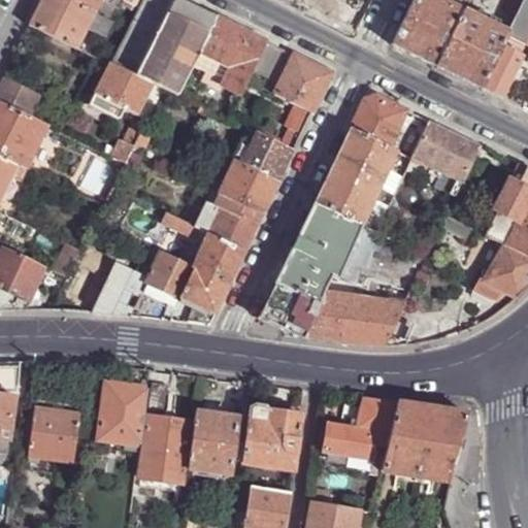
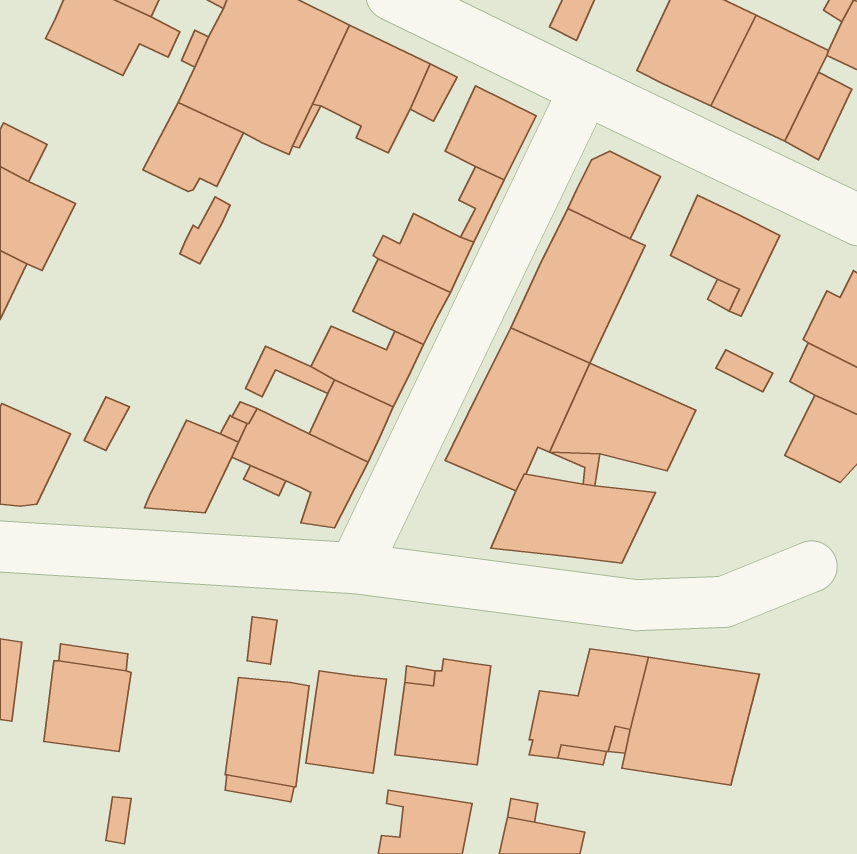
building: [258,283,318,336] -> none
building: [99,382,148,442] -> none

